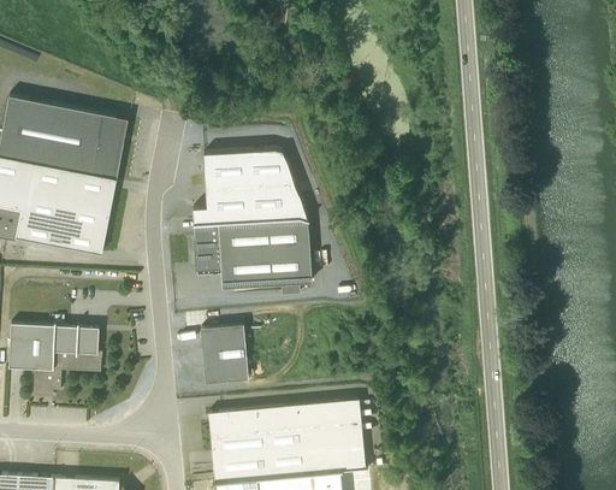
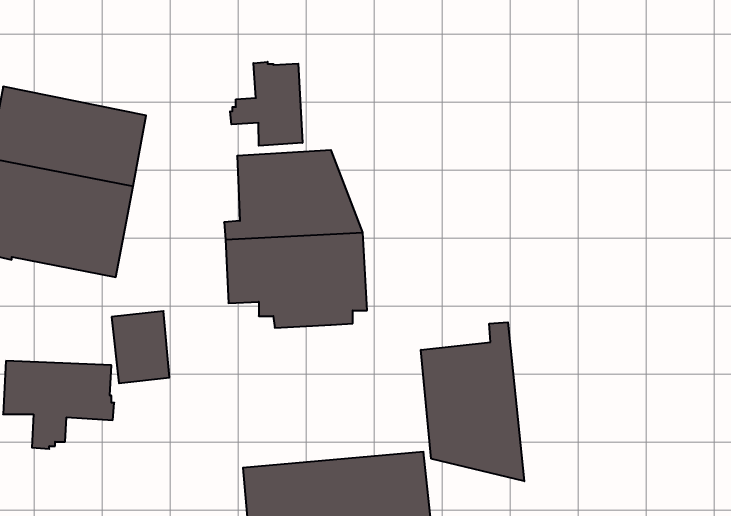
building: none -> [230,62,302,146]
building: none -> [421,322,524,481]
building: [200,324,248,384] -> [112,311,169,383]

